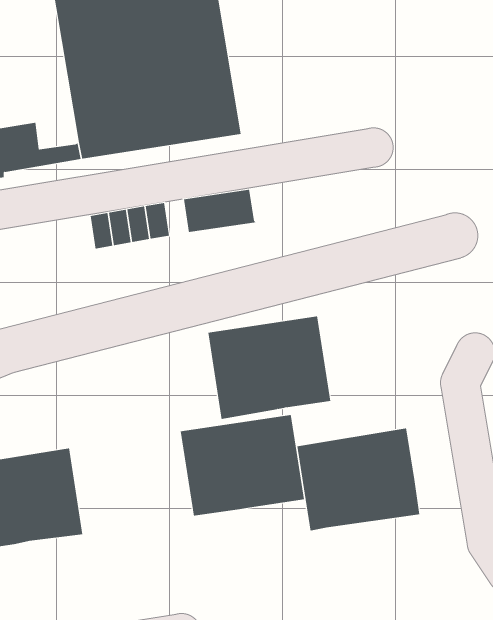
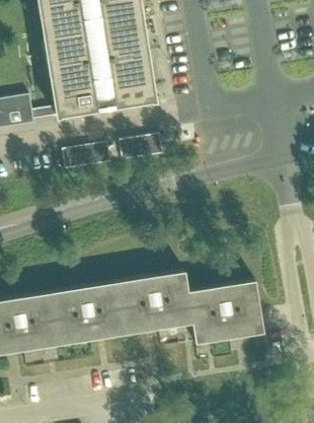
building: [208,316,331,419] -> [51,282,126,345]

